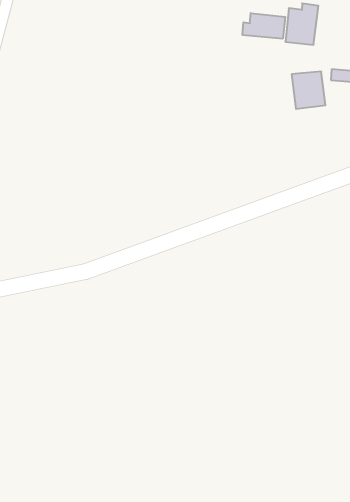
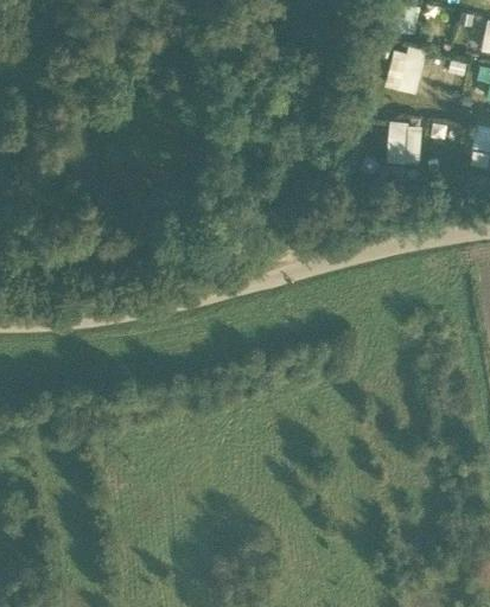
building: [243,13,285,39] -> none

